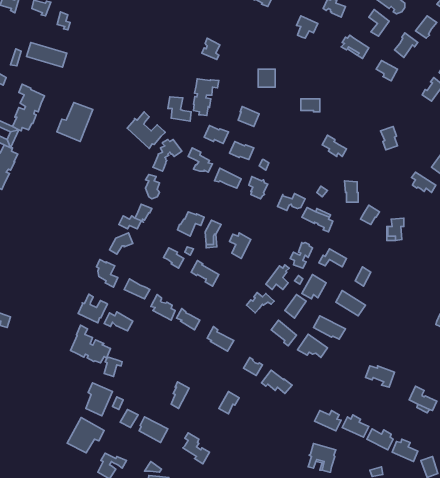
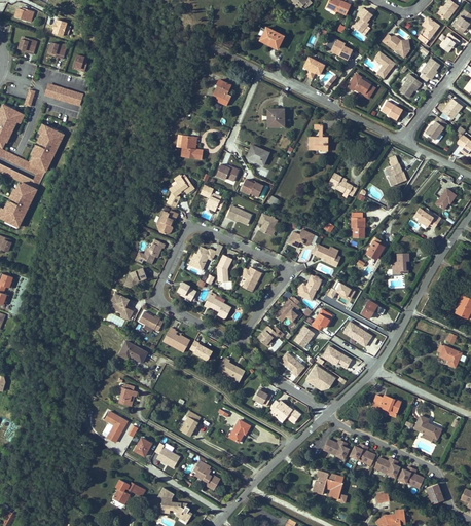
building: [193,79,219,115] -> none
building: [57,103,93,142] -> none
building: [127,112,165,148] -> none
building: [78,294,108,323] -> none
building: [70,325,111,363] -> none
building: [67,418,104,453] -> none

